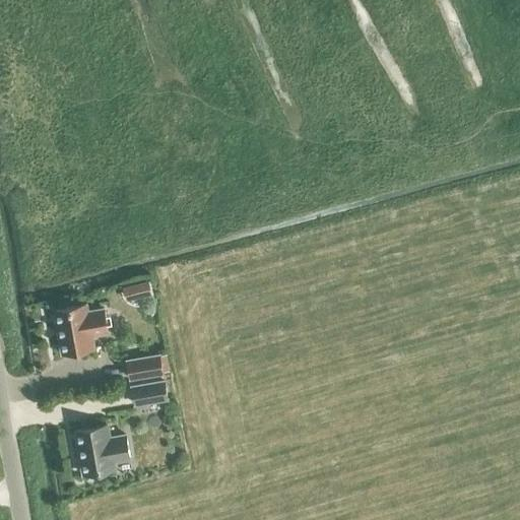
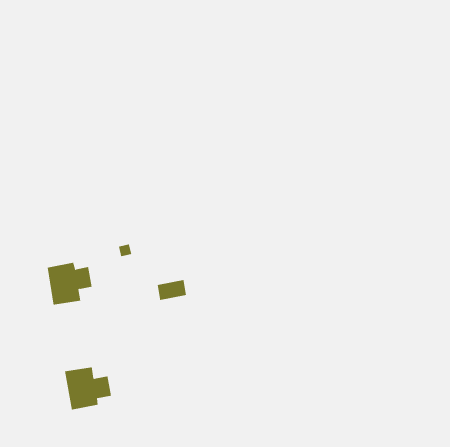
building: [127,356,161,381] -> [157,279,187,301]
building: [131,383,167,406] -> none

